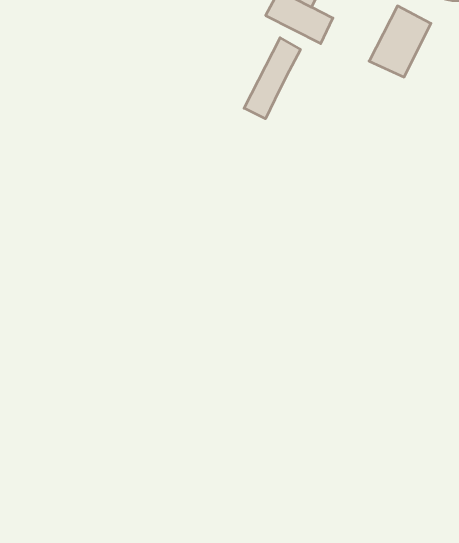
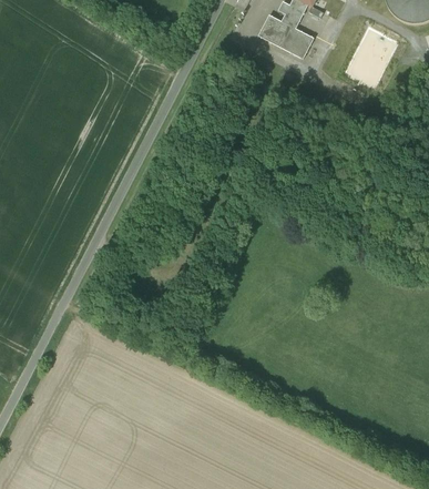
building: [244,38,300,119] -> none

